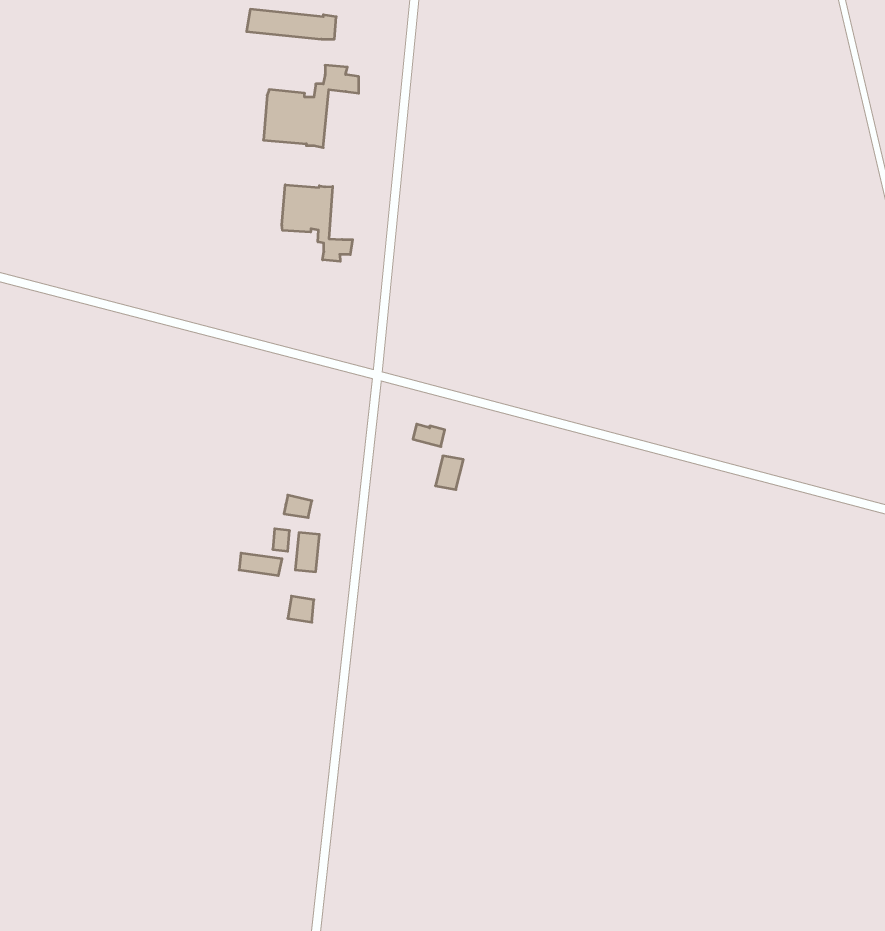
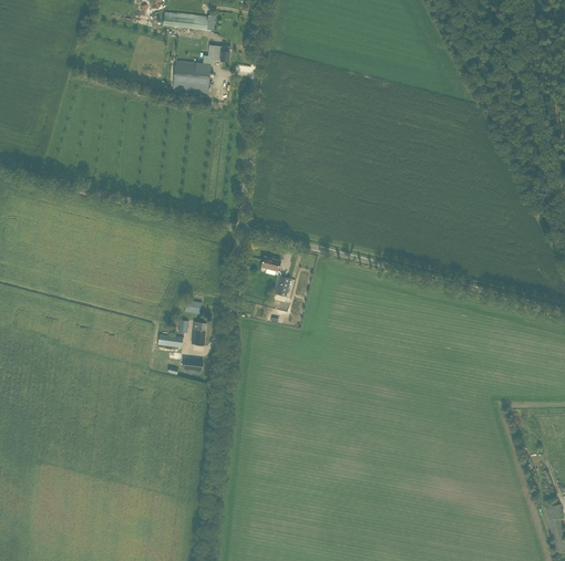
building: [282,185,353,261] -> none

